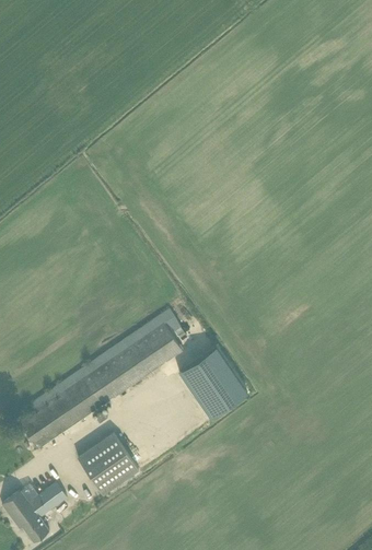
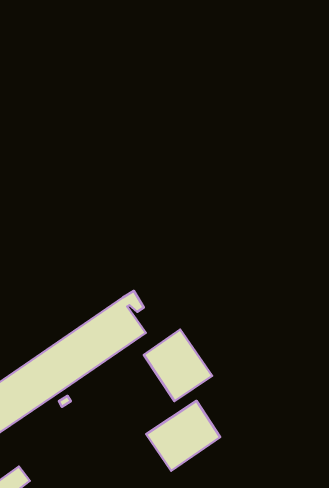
building: none -> [146,401,220,471]
building: [78,433,138,493] -> none

